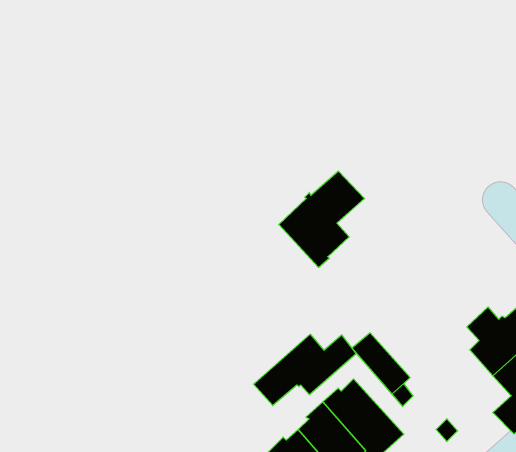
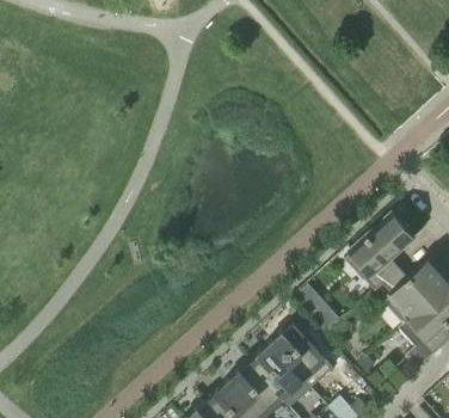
building: [279,171,365,267] -> [344,215,411,290]
building: [254,334,356,406] -> none

